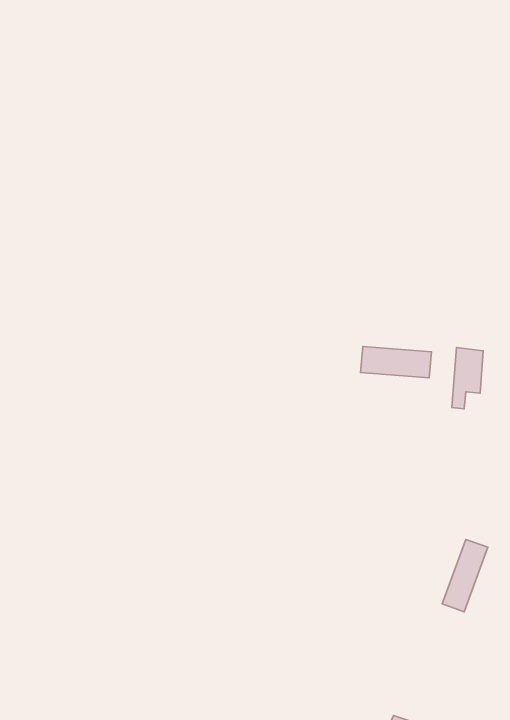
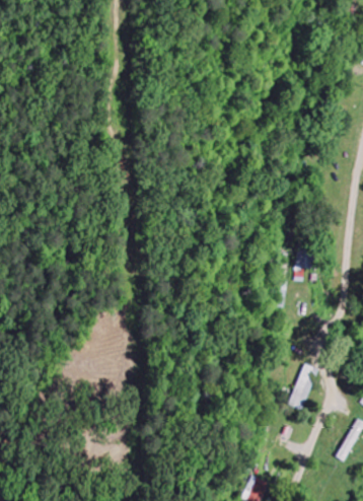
building: [361,346,431,378] -> none

